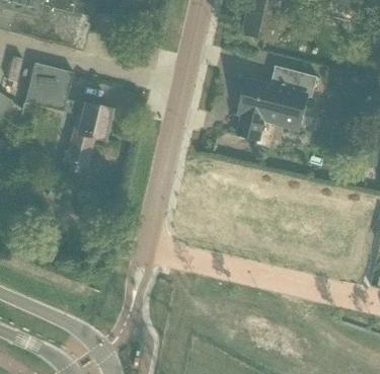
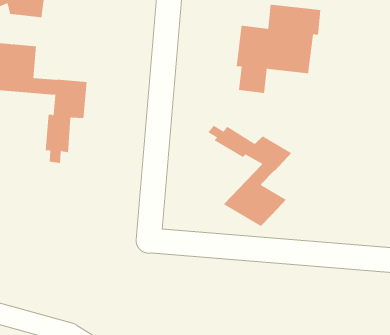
building: none -> [208,125,292,227]

